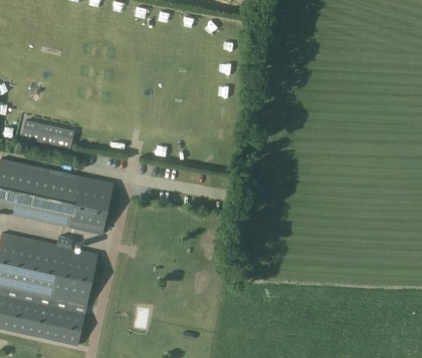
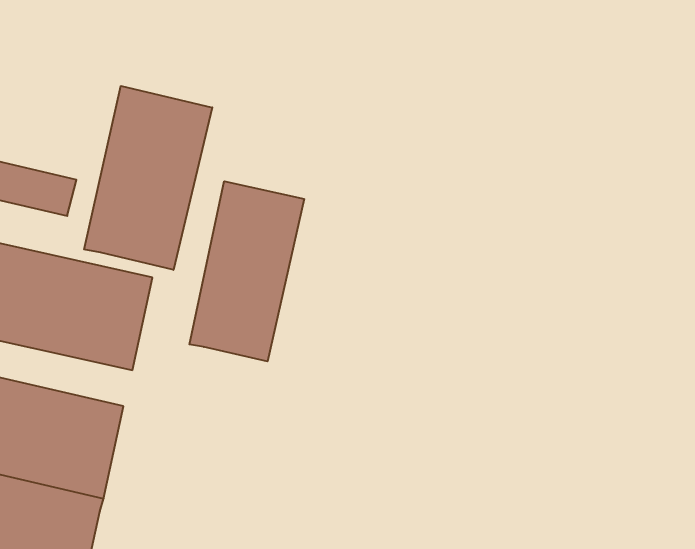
building: none -> [84,86,212,270]
building: none -> [189,181,304,361]

